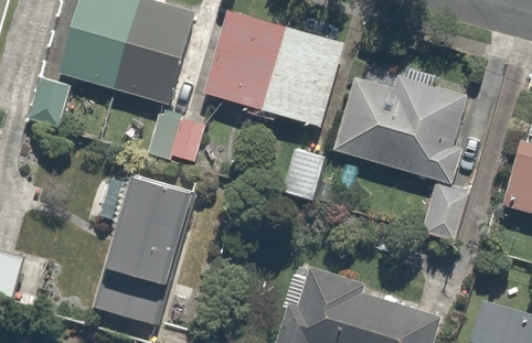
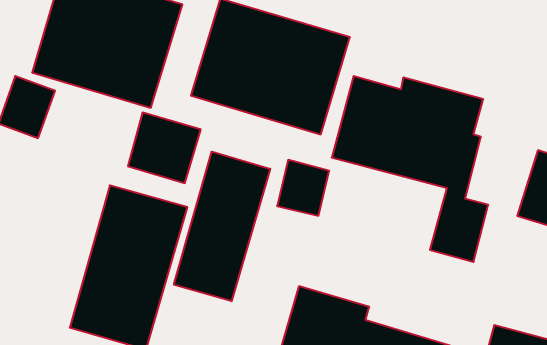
building: none -> [174,152,270,301]

